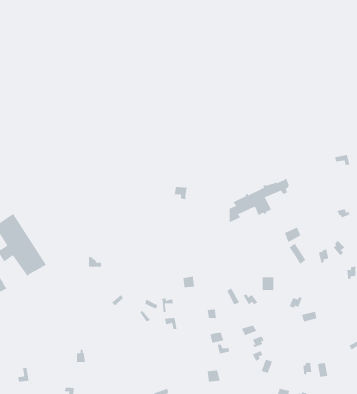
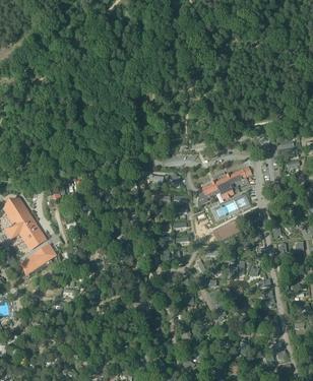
building: none -> [18,243,57,274]

